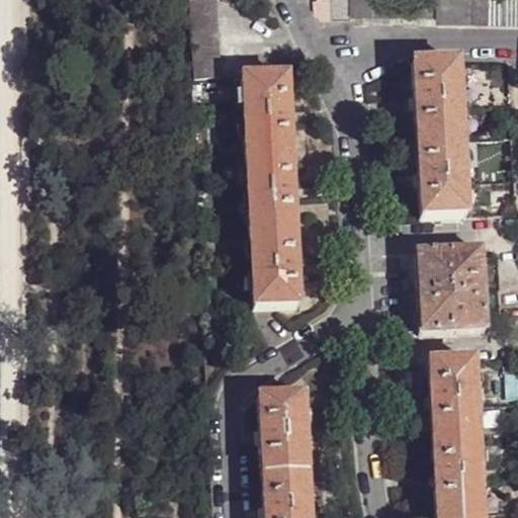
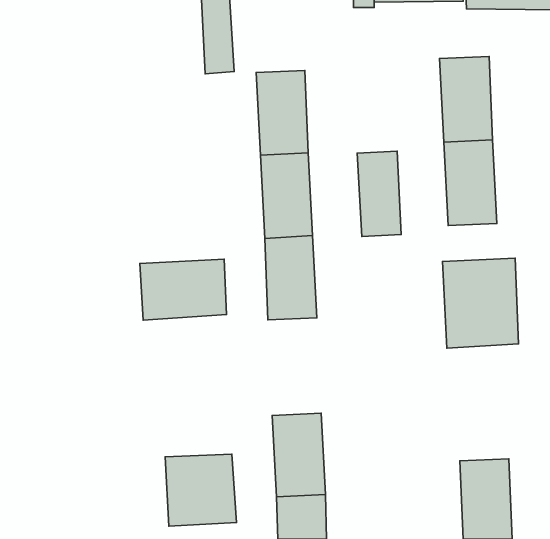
building: none -> [357,151,401,237]
building: none -> [140,259,226,320]
building: [429,351,479,430] -> none
building: none -> [165,454,236,526]

